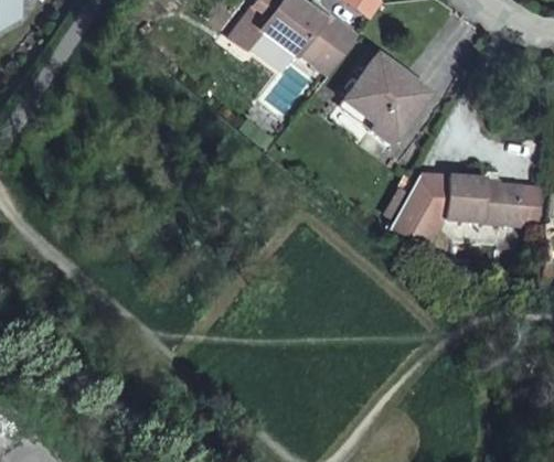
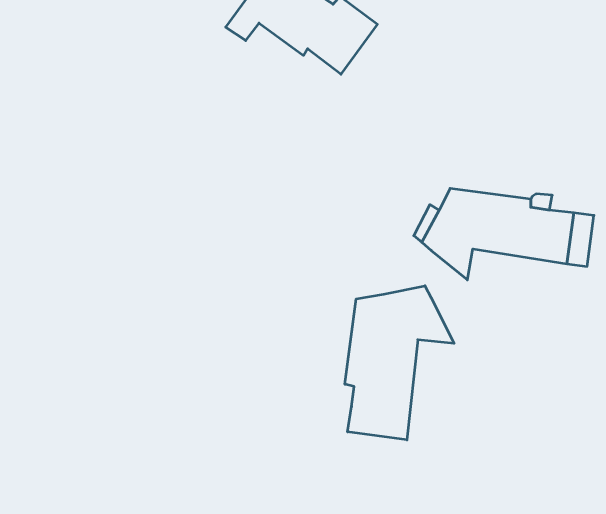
building: [344,54,428,140] -> none
building: none -> [345,286,454,440]

